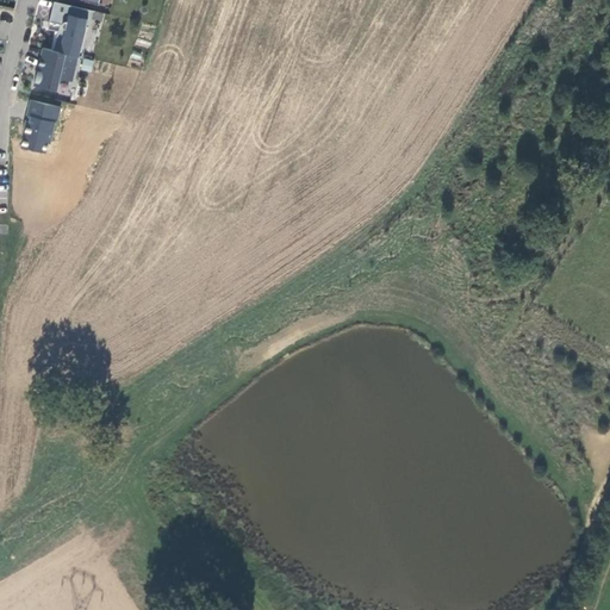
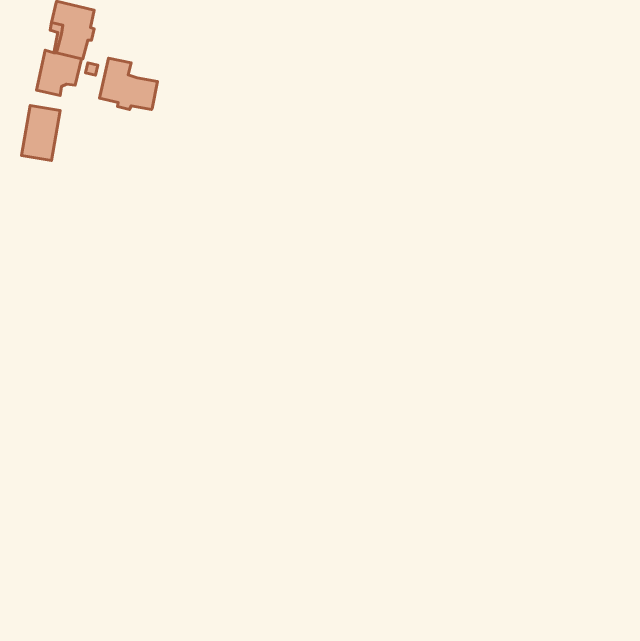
building: none -> [100,58,157,110]

